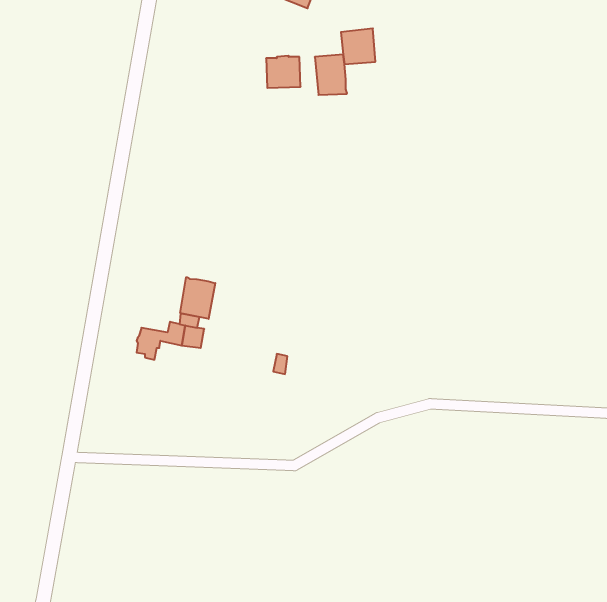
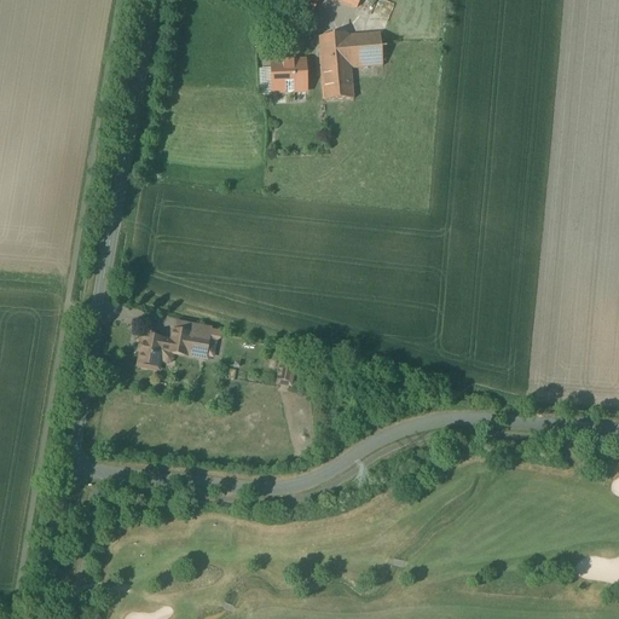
building: none -> [319,31,349,58]
building: [180,277,215,319] -> none

